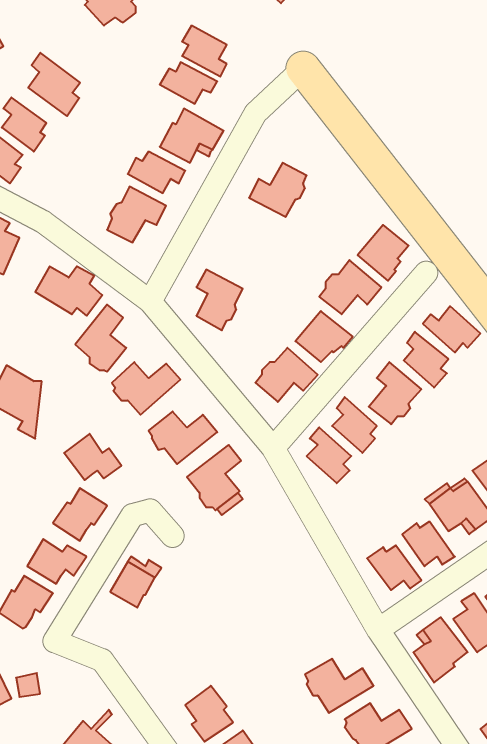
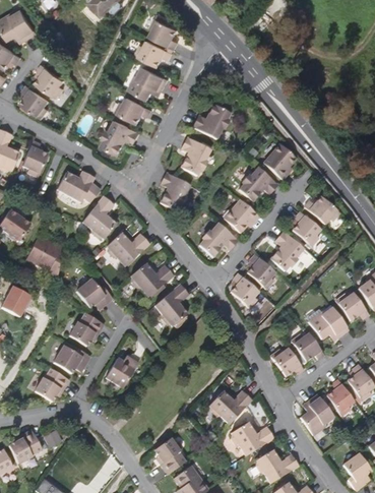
building: [28,53,80,116] -> none
building: none -> [182,137,211,176]
building: none -> [209,391,252,424]

